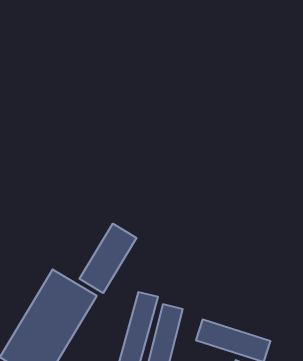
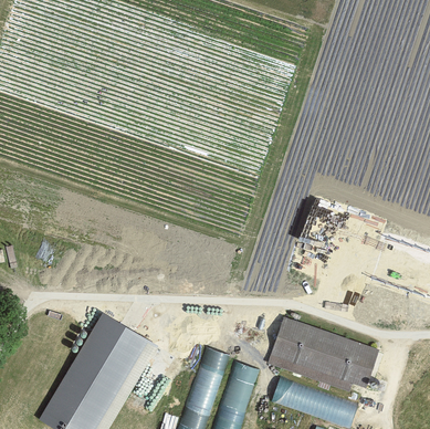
building: [79,224,136,293] -> none
building: none -> [270,318,375,388]

